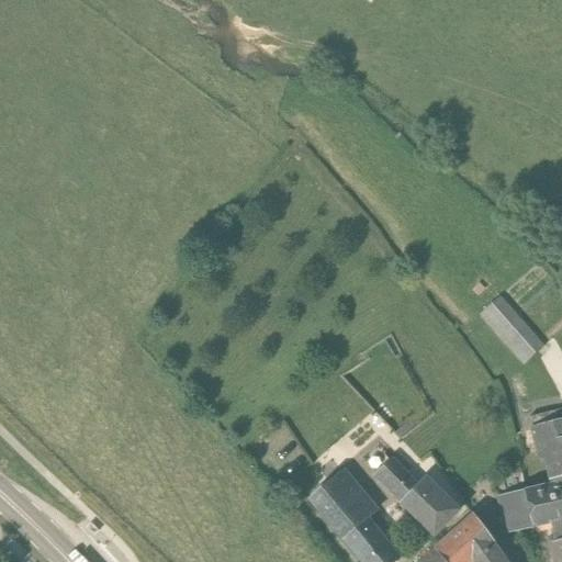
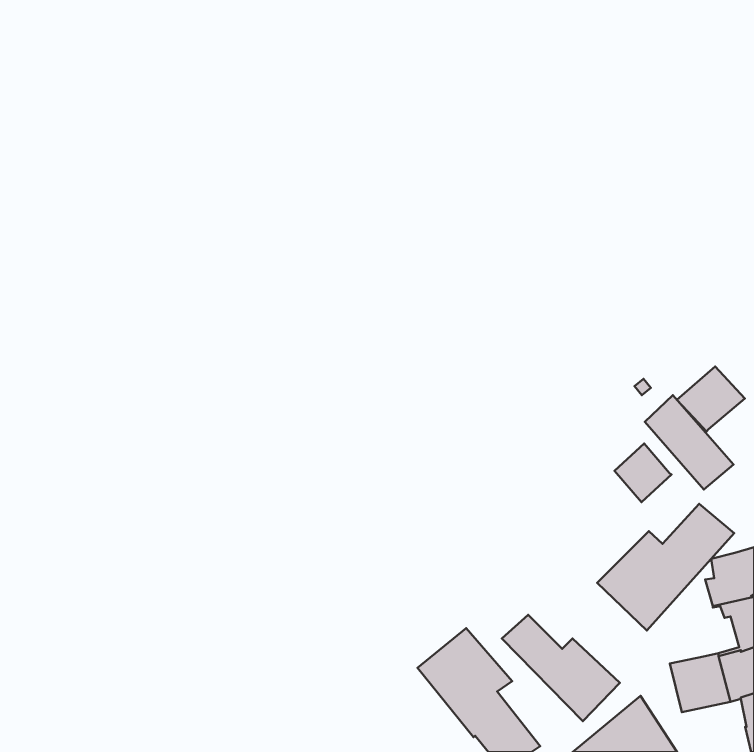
building: none -> [677,367,745,432]
building: none -> [614,443,672,502]
building: none -> [597,504,734,630]

